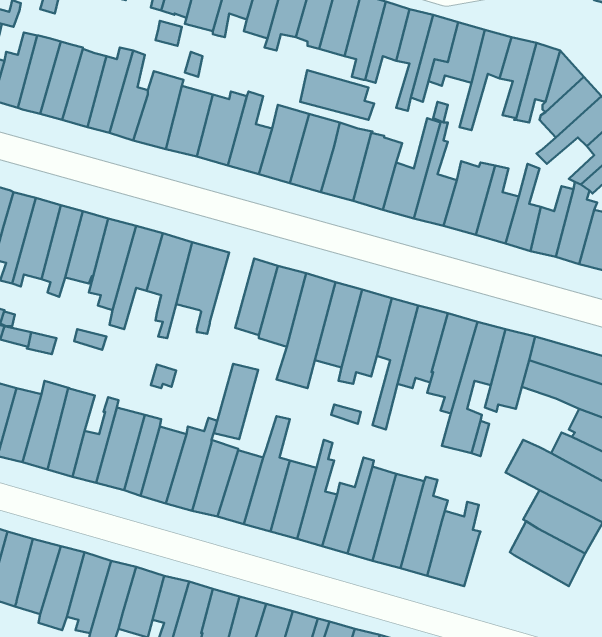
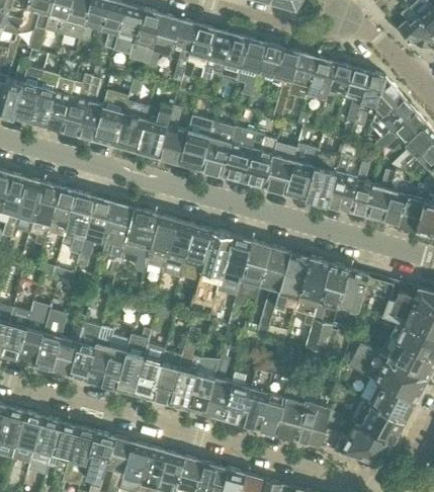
building: [300,70,374,120] -> none
building: [214,364,258,439] -> [146,217,176,268]
building: none -> [320,411,392,462]

